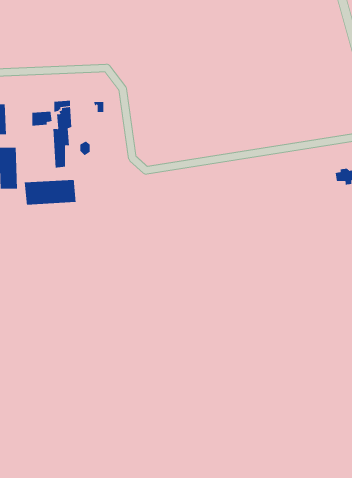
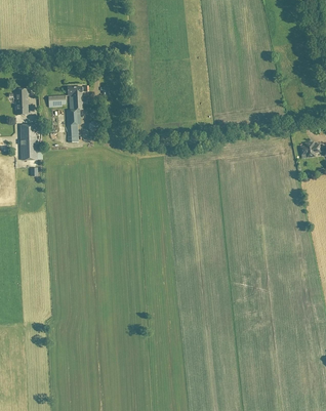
building: [24,179,76,205] -> none

